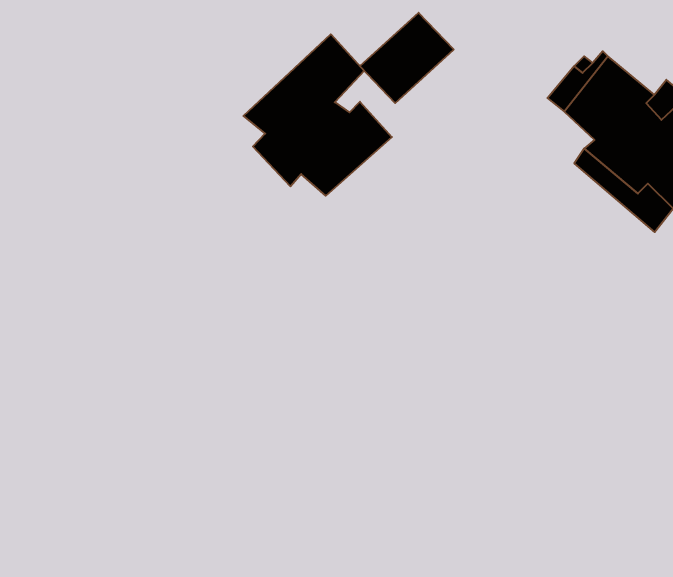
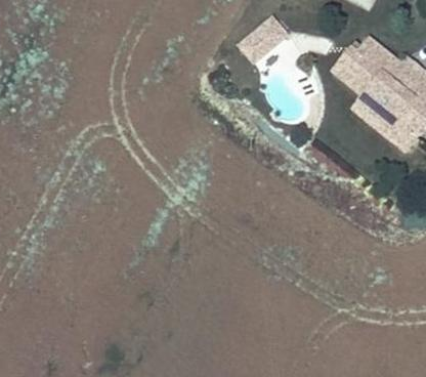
building: [243,34,392,196] -> none

